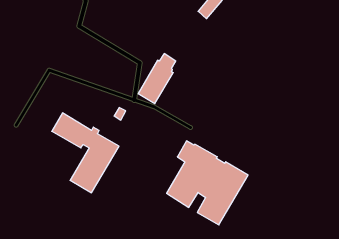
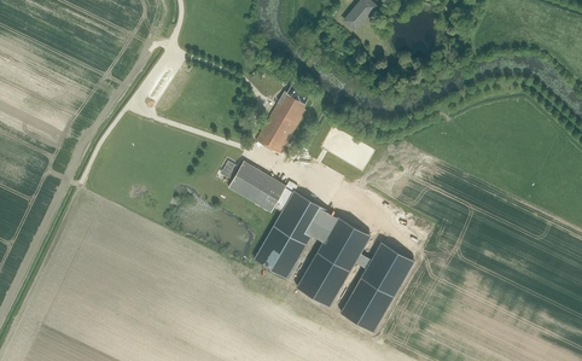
building: [52,113,119,193] -> [228,161,326,276]

